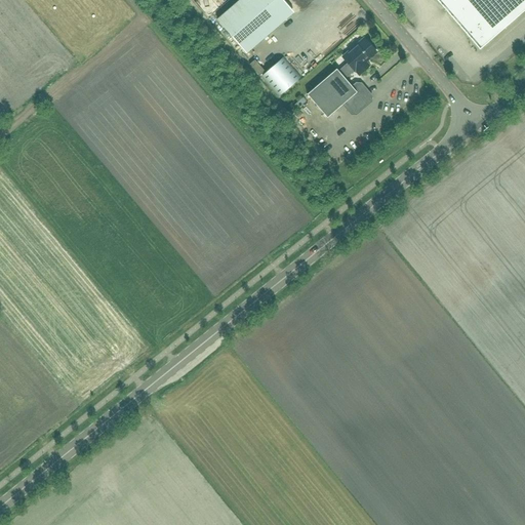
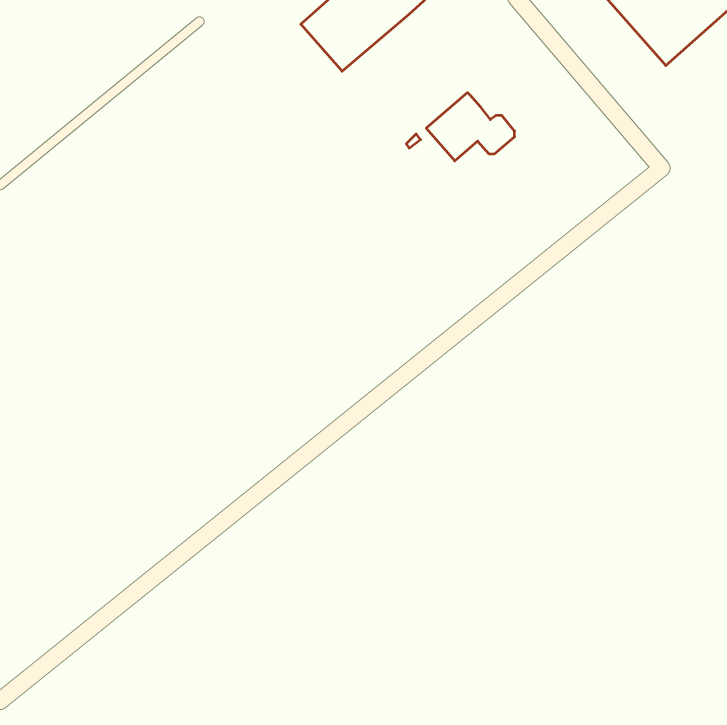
building: [339,36,377,77] -> none
building: [261,54,301,94] -> none

